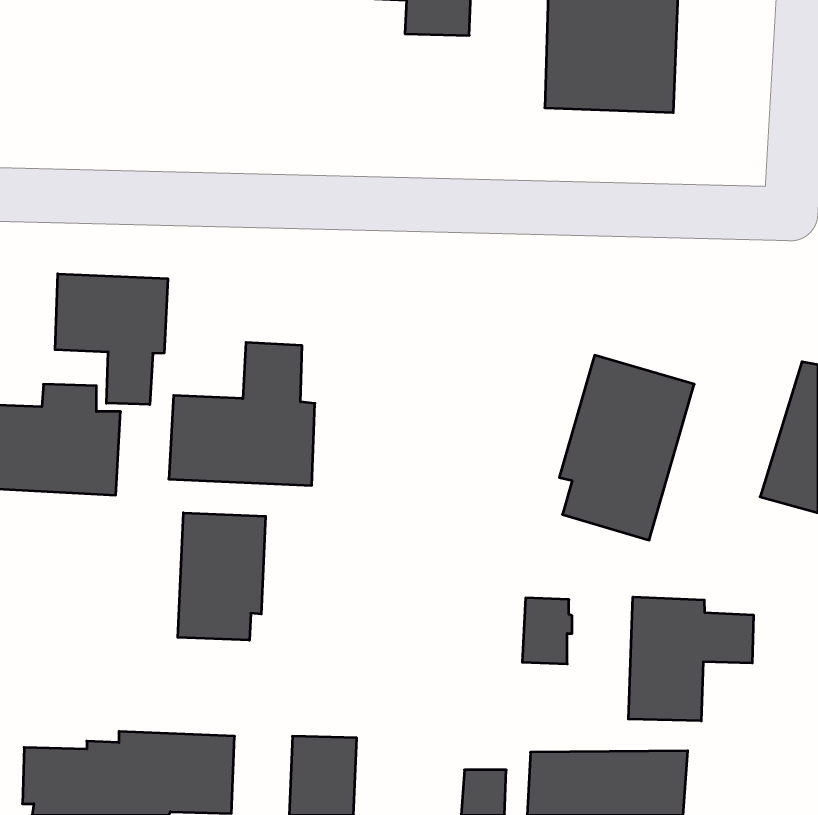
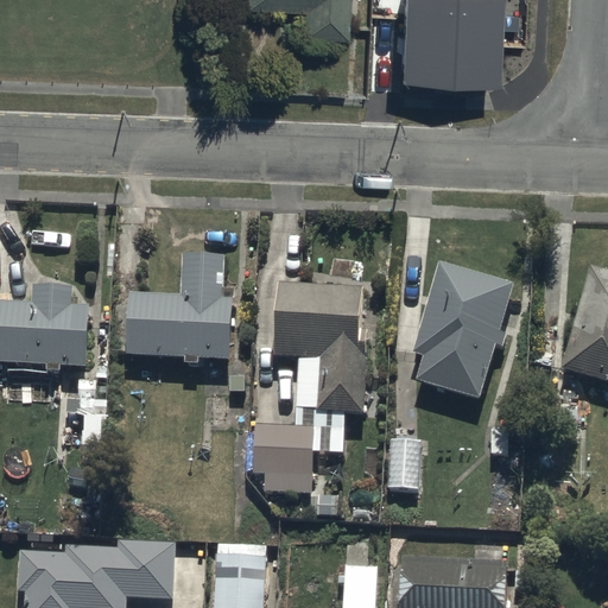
building: [55,274,168,405] -> none
building: none -> [252,283,367,494]
building: [178,513,266,640] -> none
building: [628,597,753,721] -> none

